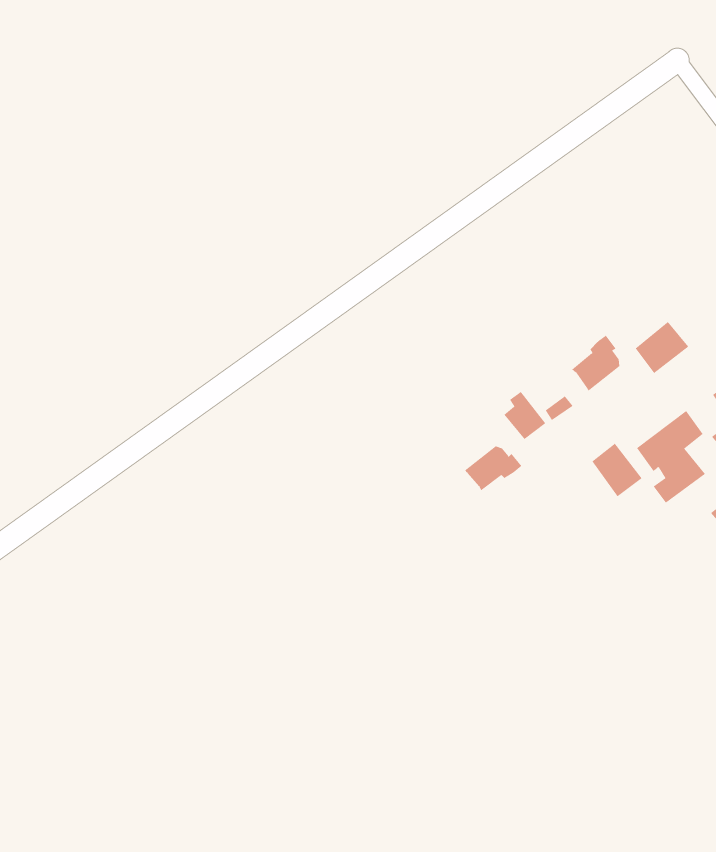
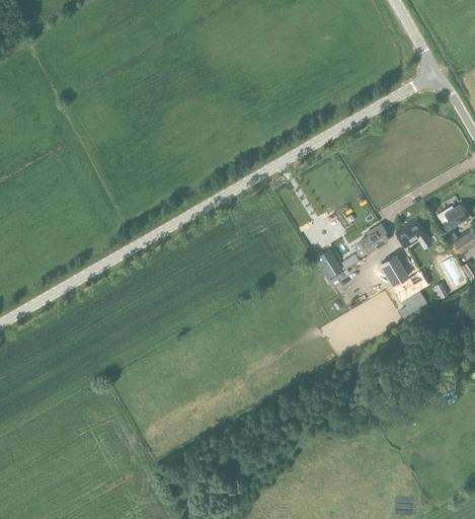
building: [592,443,642,497] -> [381,254,408,285]
building: [464,446,522,491] -> none

